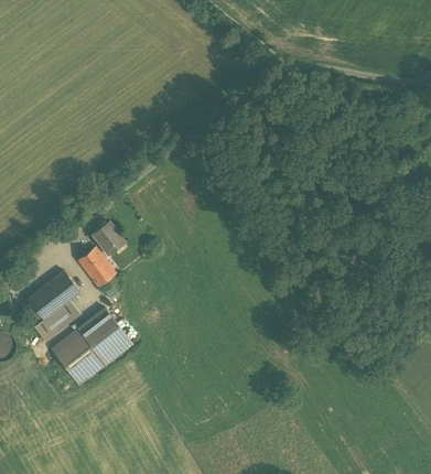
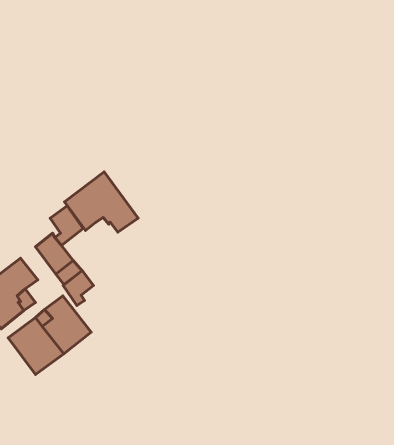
building: none -> [65,172,138,232]
building: none -> [63,271,93,306]

